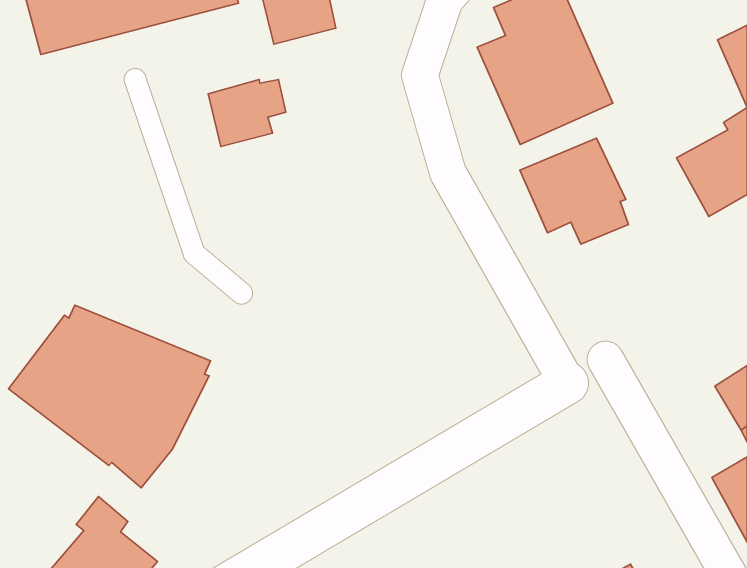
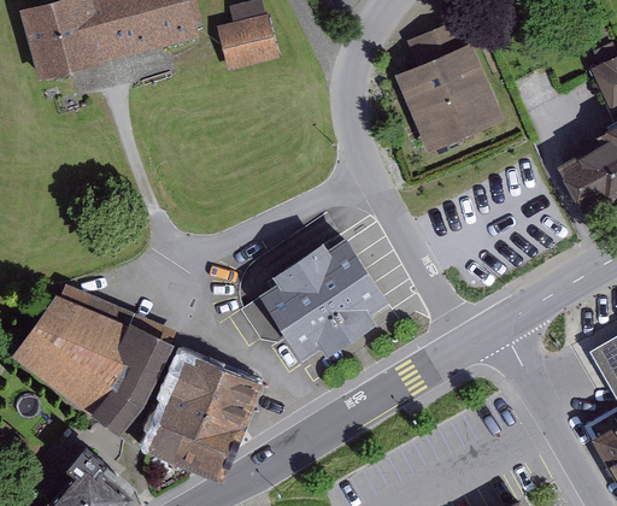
building: [208,79,286,147] -> none
building: [520,138,628,244] -> none
building: none -> [241,236,390,361]
building: none -> [143,352,264,483]

